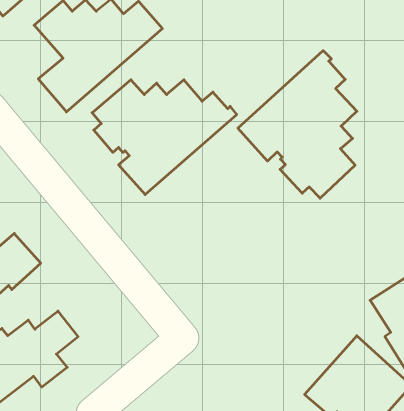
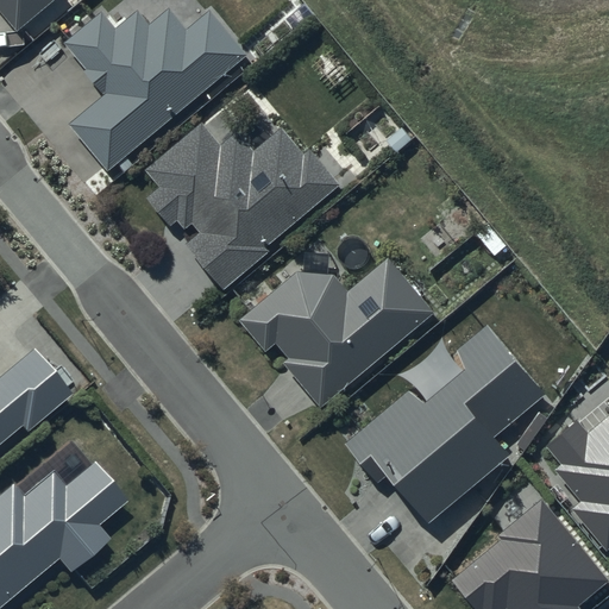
building: [238,51,357,198] -> none
building: none -> [238,258,435,409]
building: none -> [338,326,546,529]

